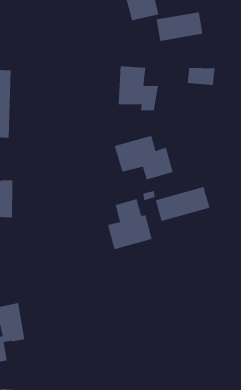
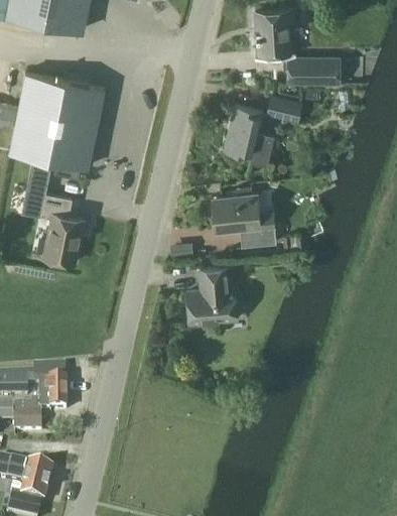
building: [187,68,215,85] -> [266,96,303,122]
building: [155,186,210,222] -> none

